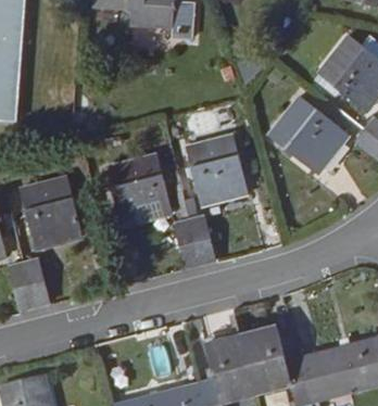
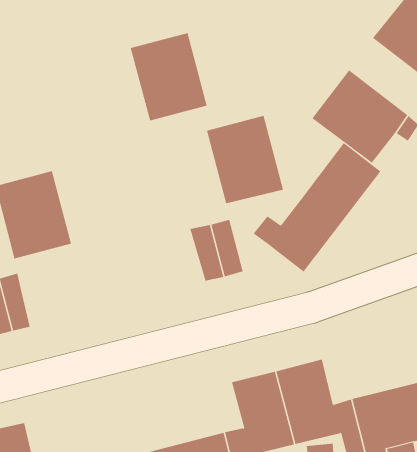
building: [110,153,171,223] -> [130,33,207,121]
building: none -> [253,142,381,272]

